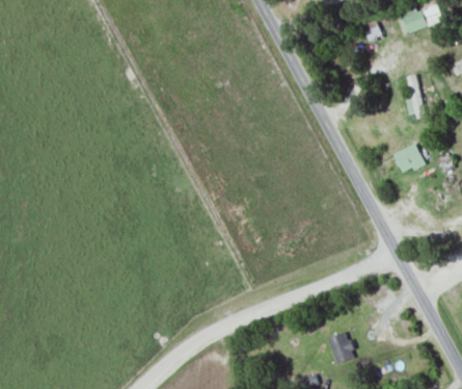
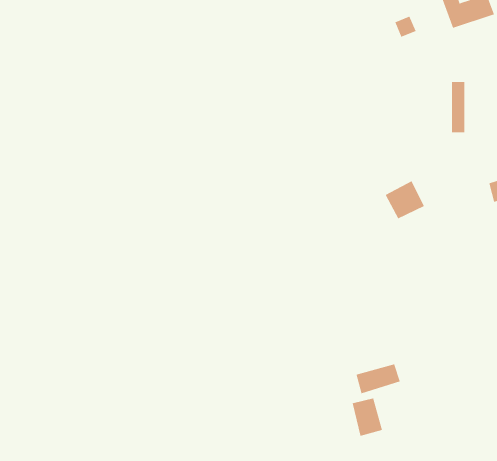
building: [393,142,426,174] -> [385,181,425,219]
building: none -> [356,364,401,394]

